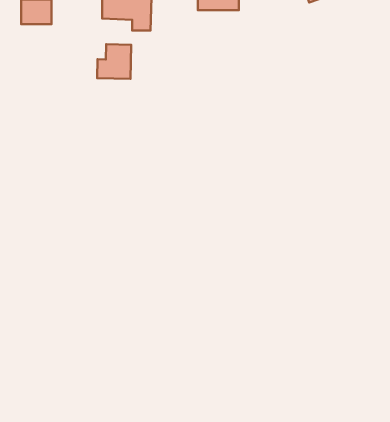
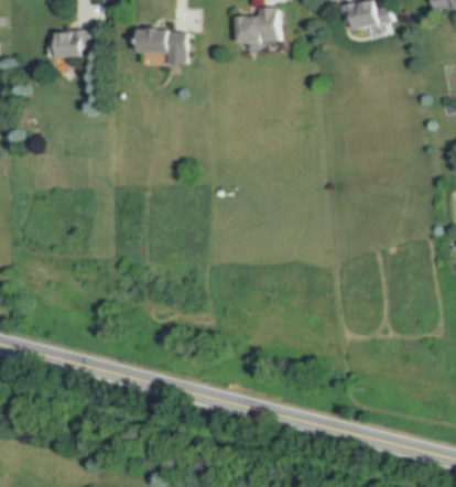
building: [97,44,131,79] -> none

